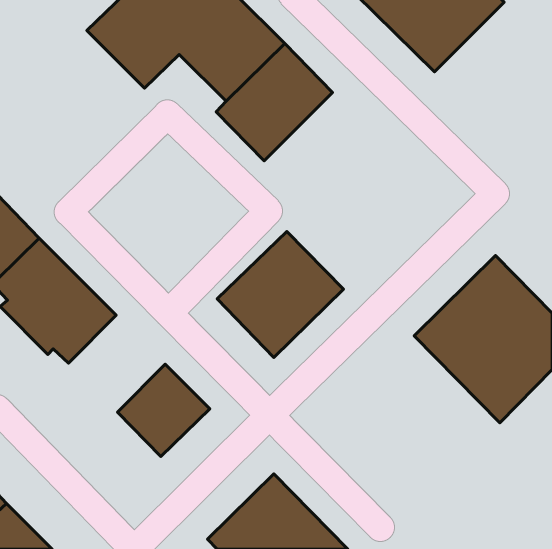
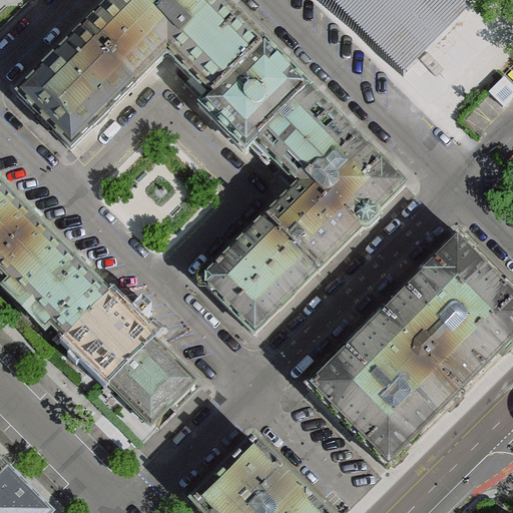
building: none -> [17,28,133,144]
building: none -> [253,85,402,267]
building: none -> [63,291,152,380]
building: none -> [307,310,461,464]

